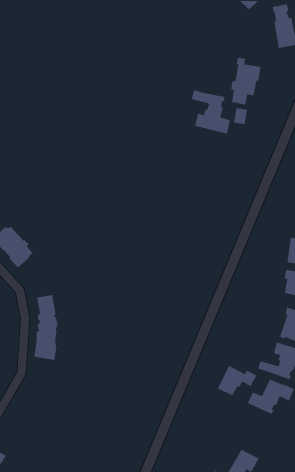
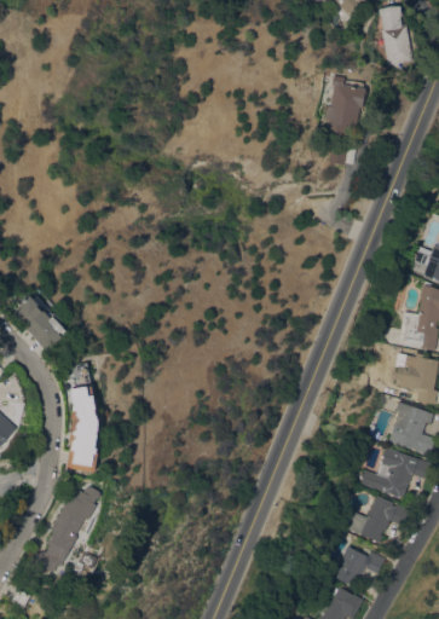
building: [191,89,231,135] -> none
building: [217,365,257,396] -> [331,545,385,586]
building: none -> [34,486,99,571]

